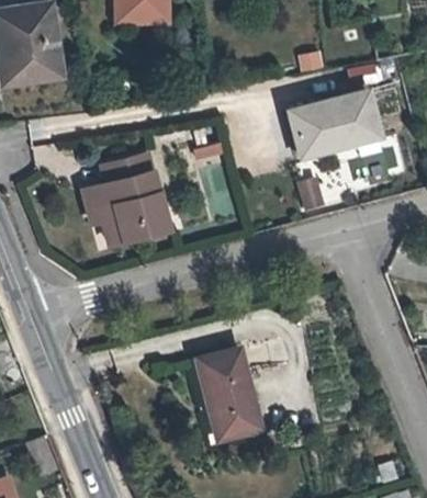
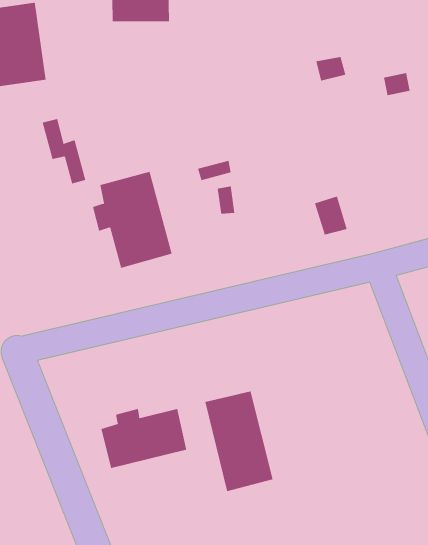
building: [290,90,379,155] -> none
building: [85,185,124,244] -> [42,119,86,184]
building: none -> [101,408,187,469]

